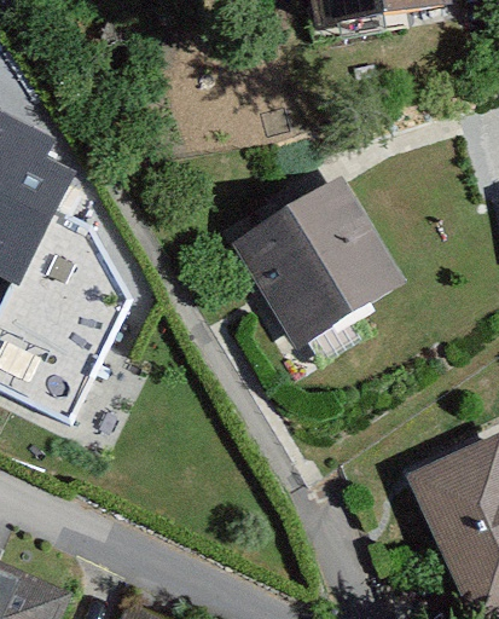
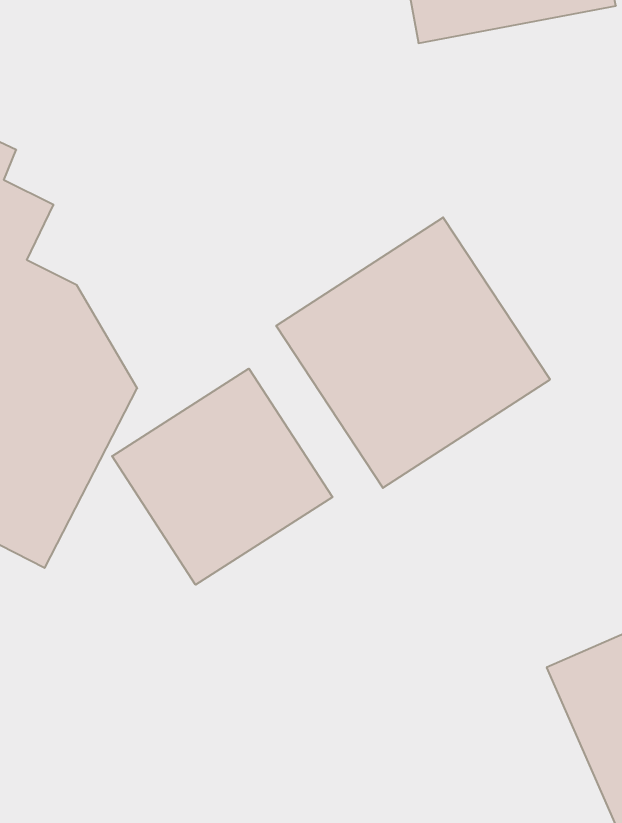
building: none -> [112,369,332,585]

